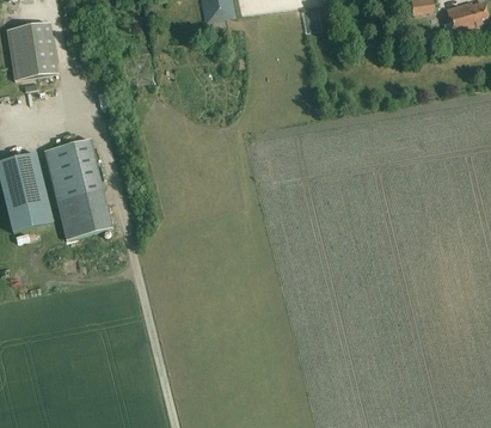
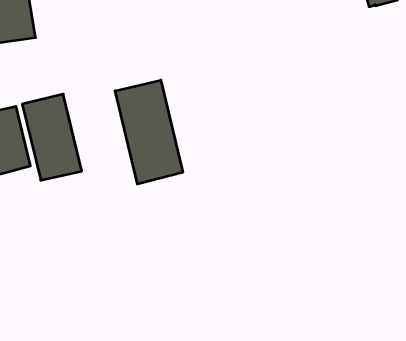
building: none -> [115,80,183,184]

